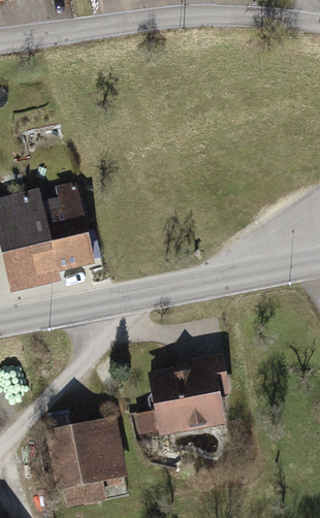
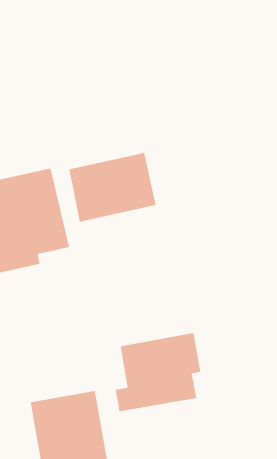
building: none -> [69,152,156,223]

